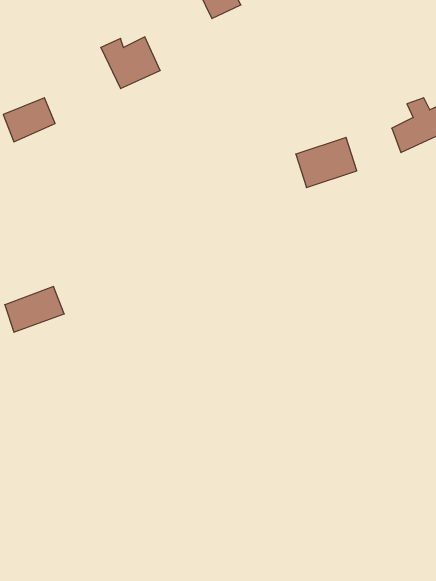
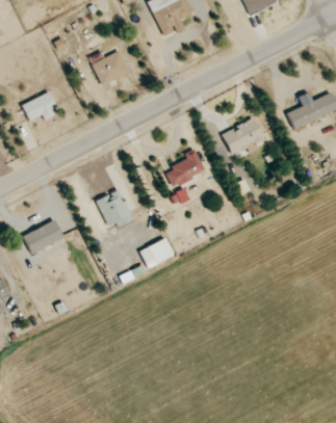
building: none -> [164,149,205,187]
building: none -> [96,190,133,227]
building: none -> [139,238,174,268]

